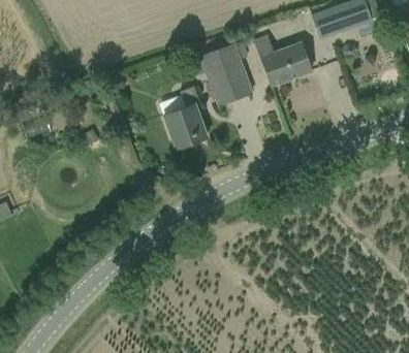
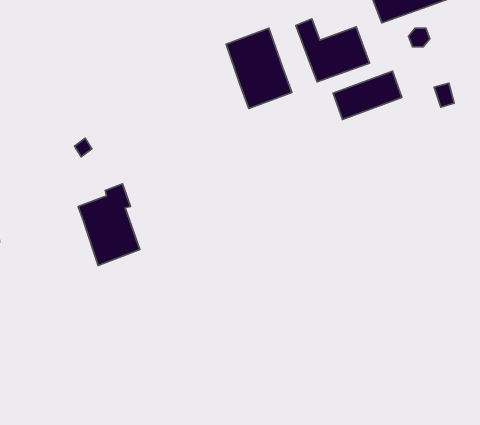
building: none -> [333,71,402,120]
building: [160,87,208,150] -> [78,184,140,266]

